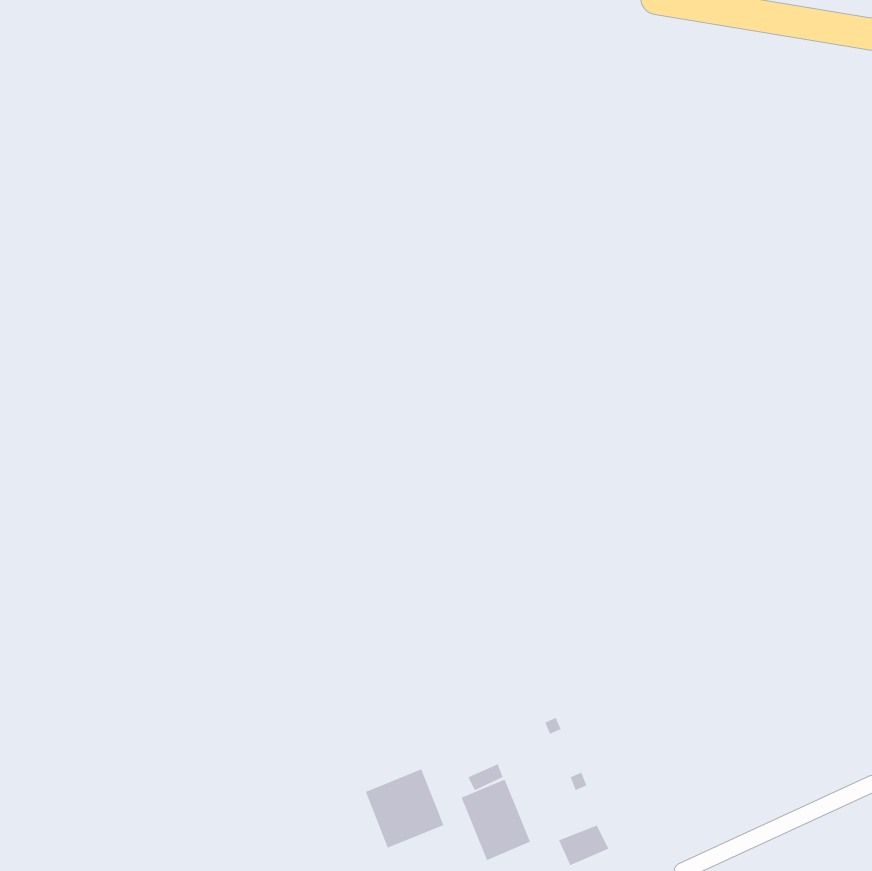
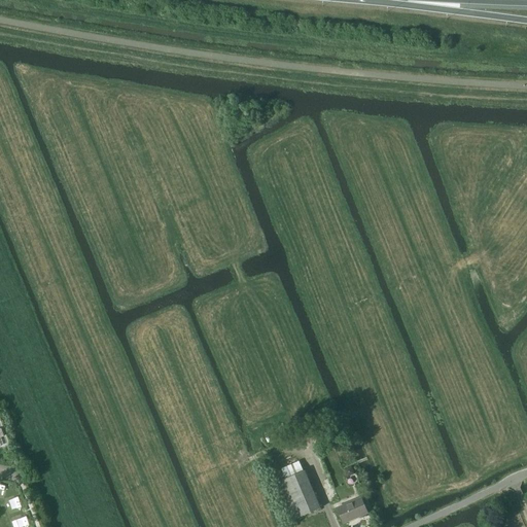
building: [365,768,444,849] -> none

